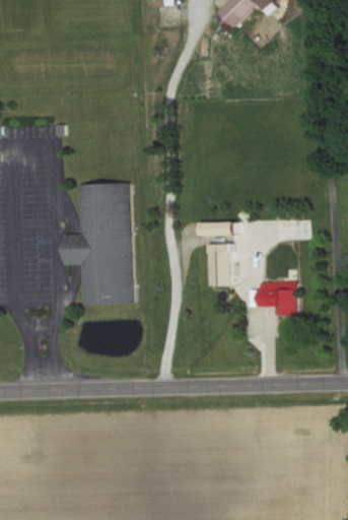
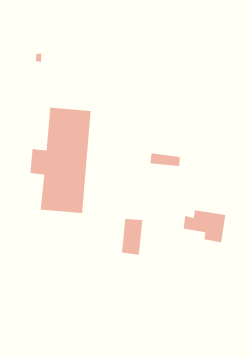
building: [208,244,230,285] -> [121,218,143,255]

